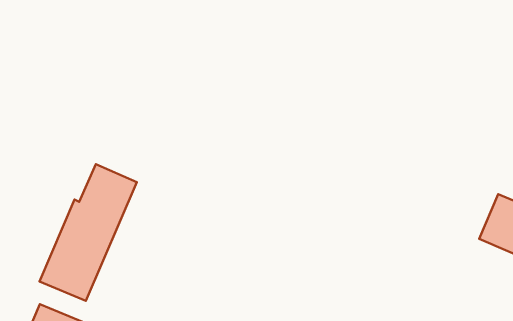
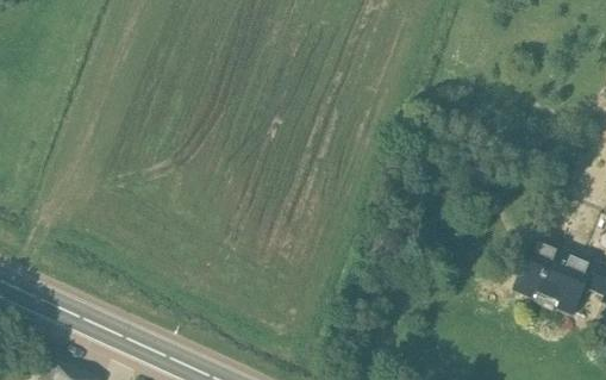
building: [40,164,137,301] -> none

